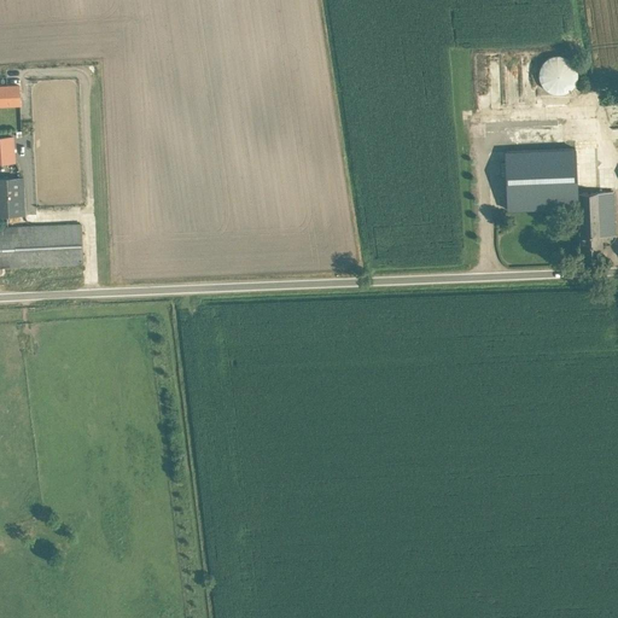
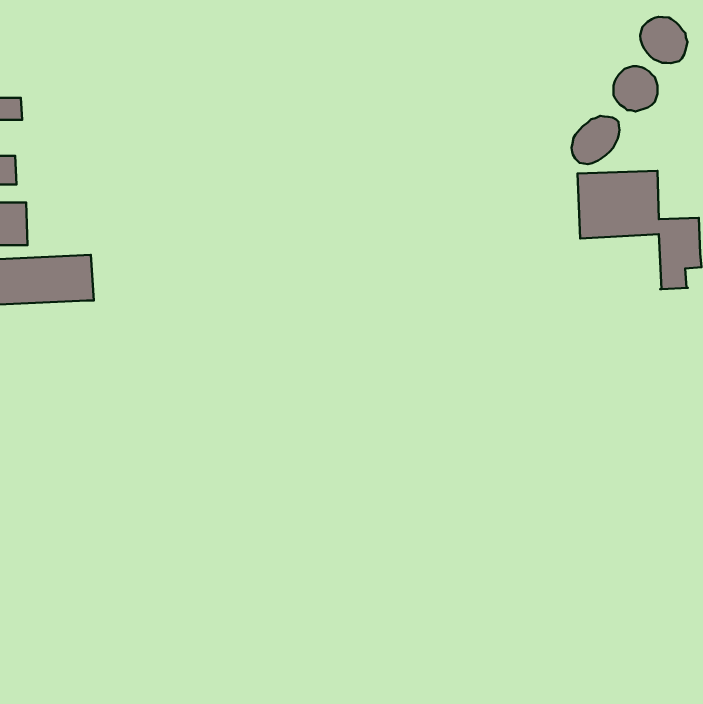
building: none -> [640,17,688,63]
building: none -> [572,116,620,164]

